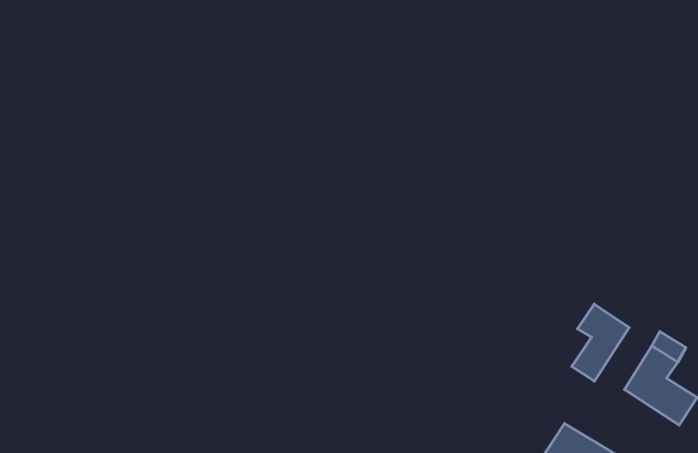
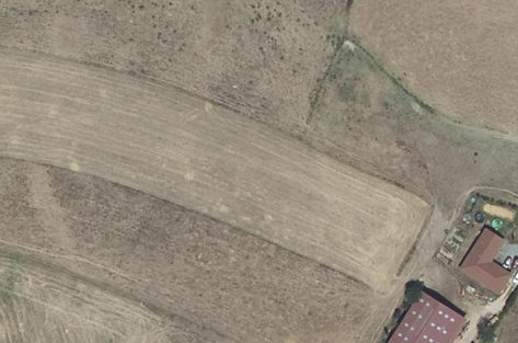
building: [572,304,629,381] -> none

